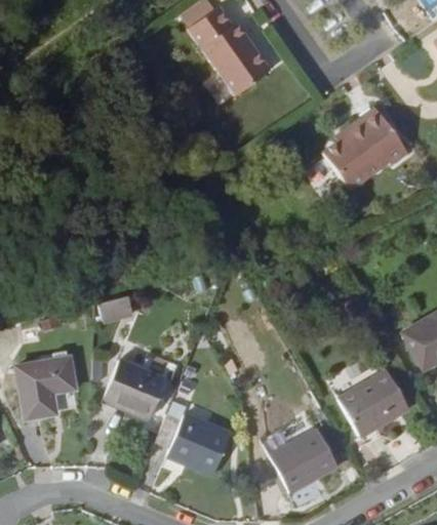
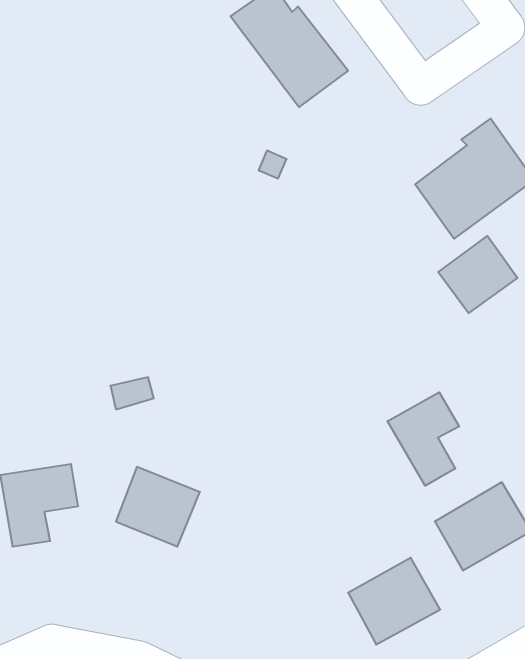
building: none -> [438,236,518,313]
building: none -> [387,392,459,486]
building: [155,411,231,472] -> none

